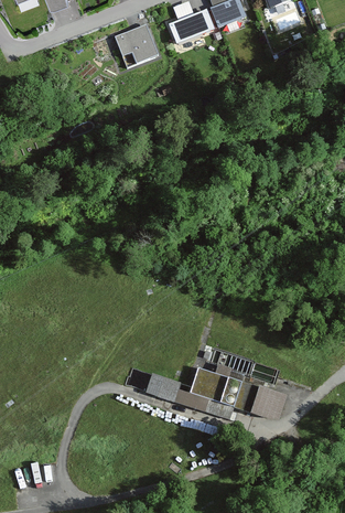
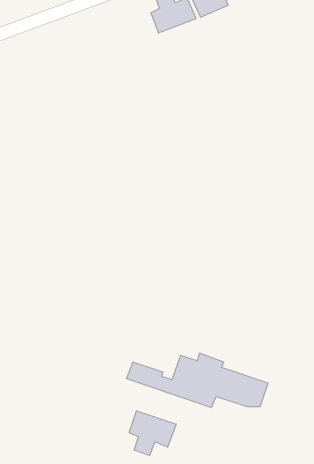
building: [119,22,160,66] -> none
building: none -> [129,411,176,455]

